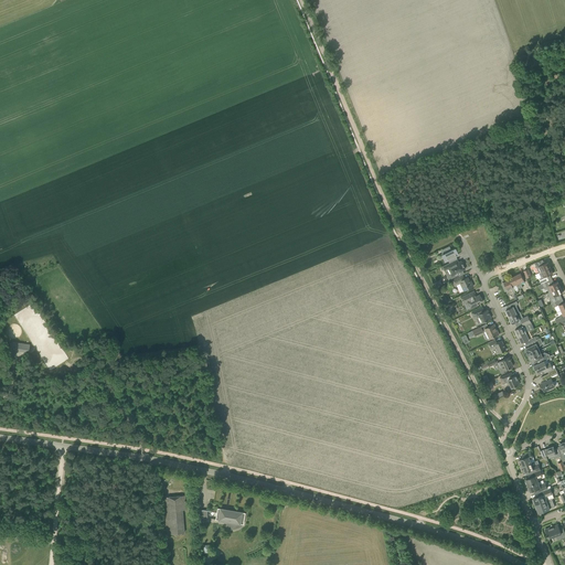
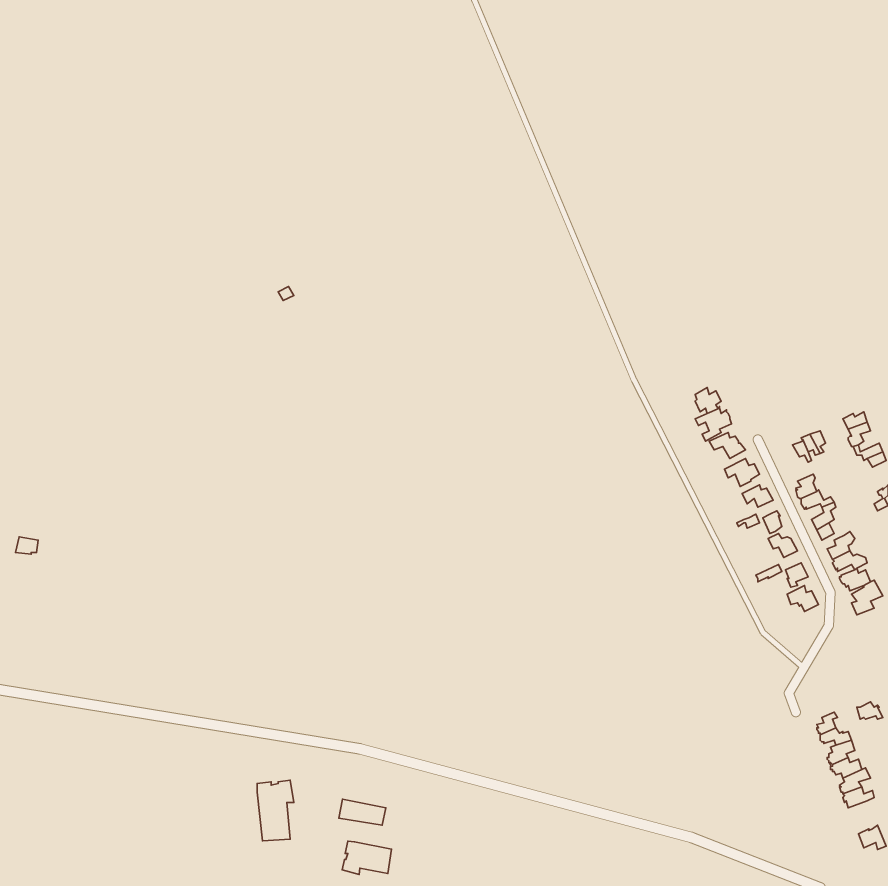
building: none -> [342,841,392,874]

